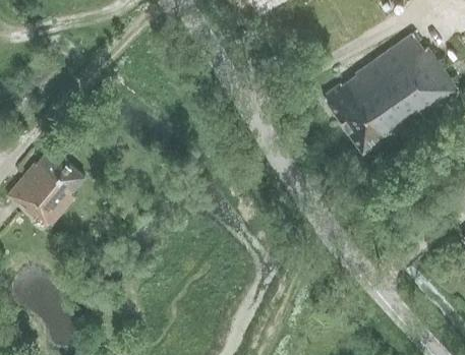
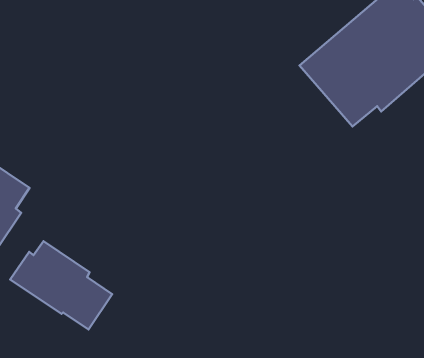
building: none -> [10,241,112,329]

